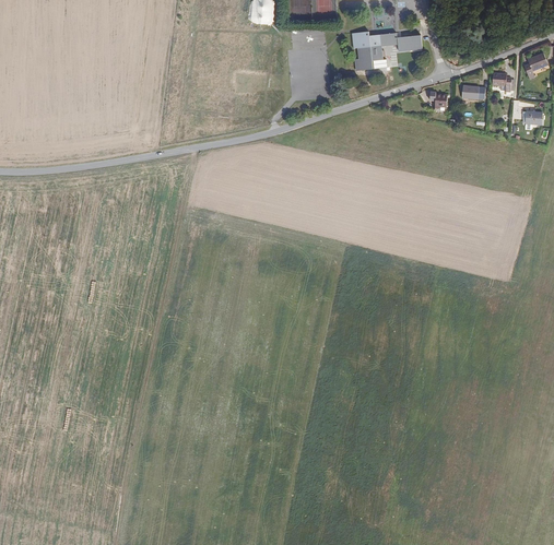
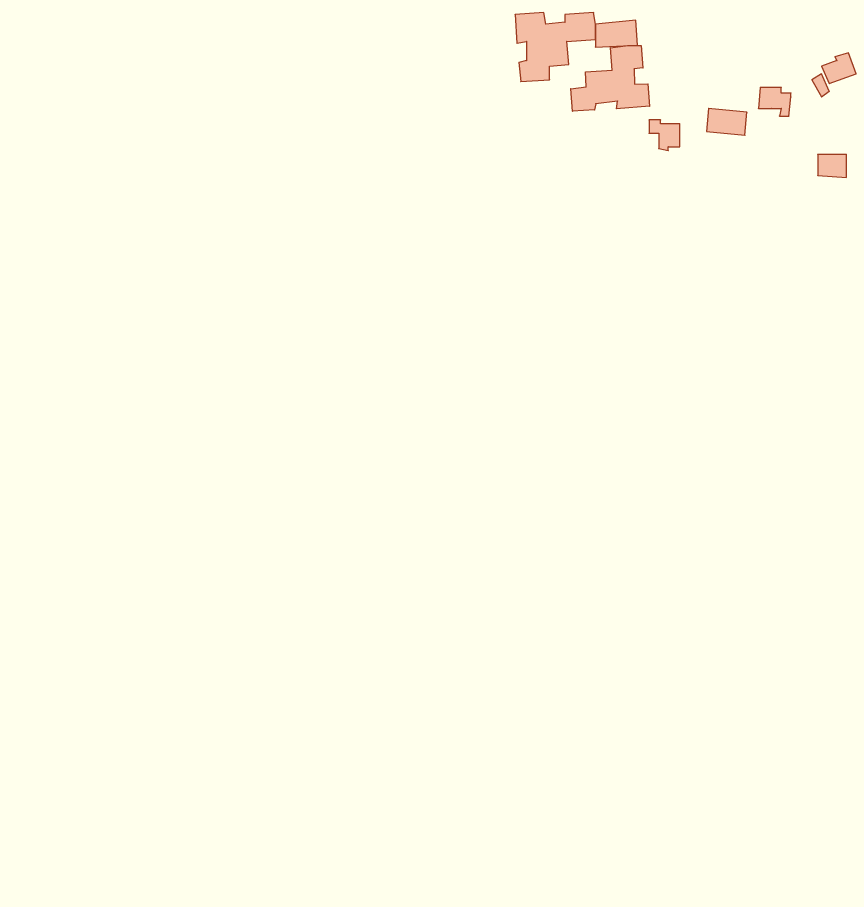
building: none -> [571,46,650,111]

